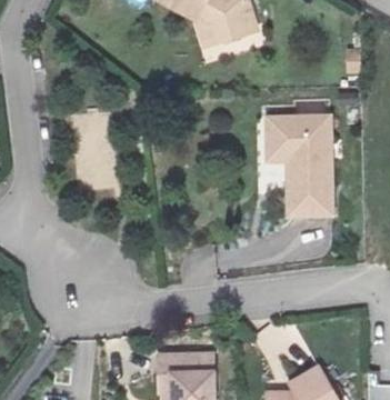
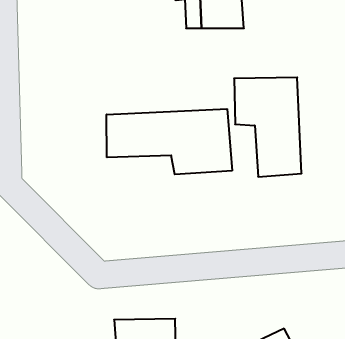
building: none -> [107,109,232,174]

